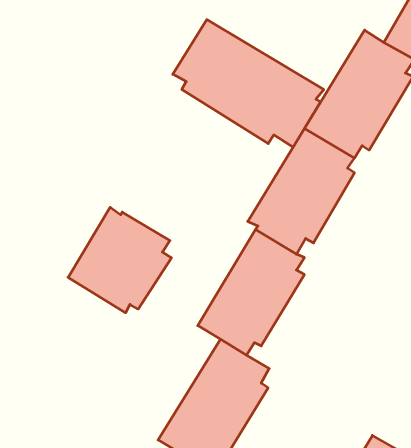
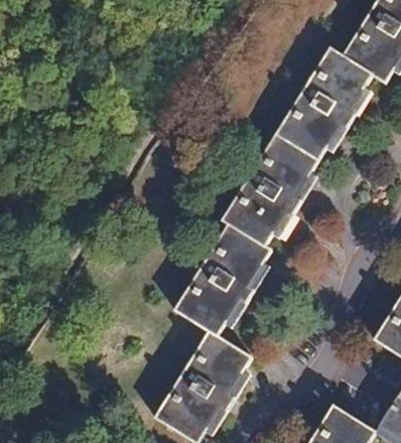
building: [173,20,324,147] -> none
building: [68,207,171,313] -> none

